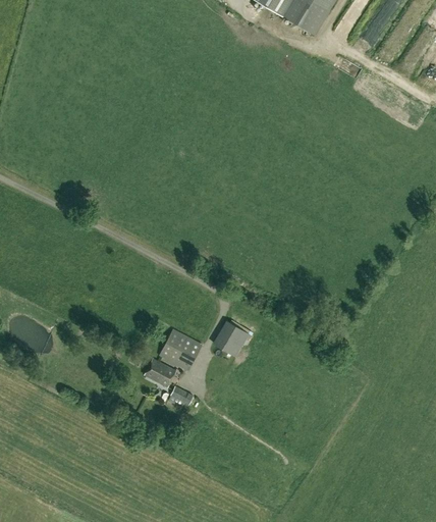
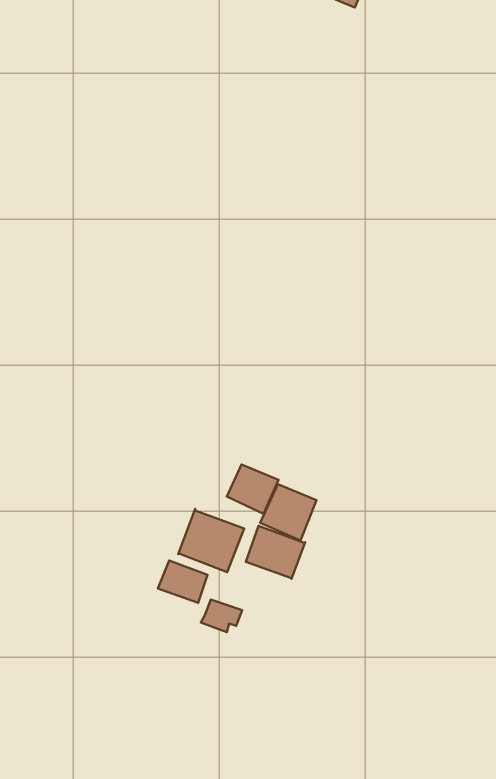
building: none -> [227,465,278,514]
building: none -> [246,526,305,579]

